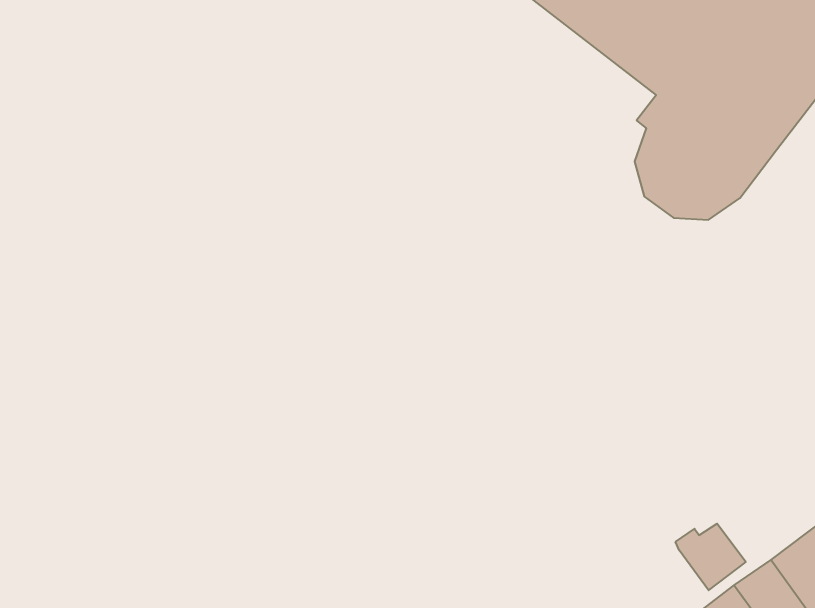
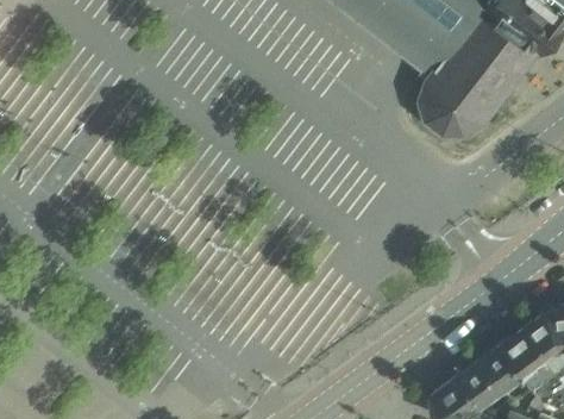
building: [676,524,746,590] -> none

